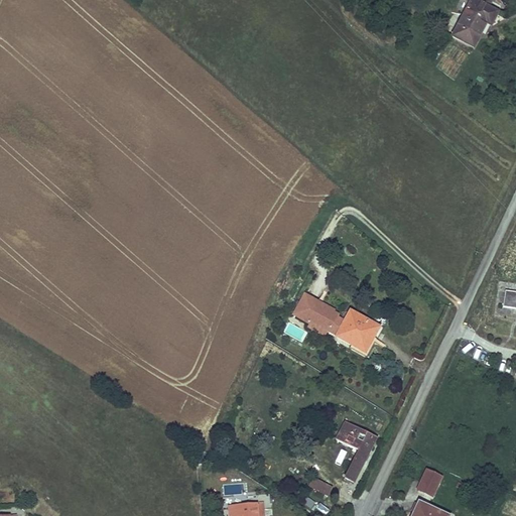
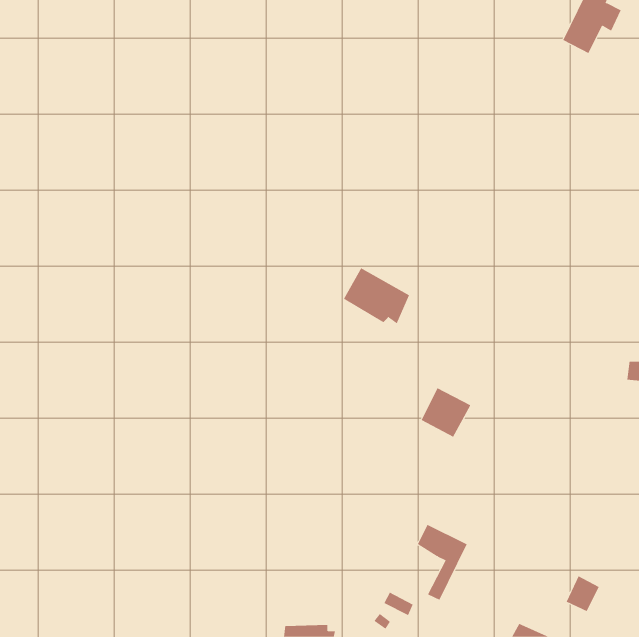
building: [291,290,345,336] -> [343,268,410,324]
building: [416,468,443,497] -> [566,575,600,612]

